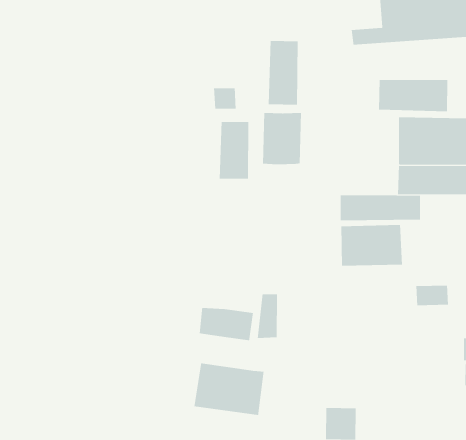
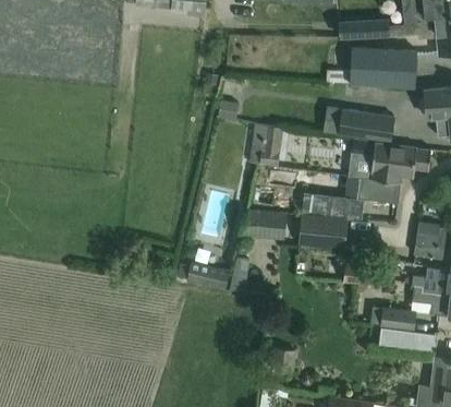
building: [268,40,299,105] -> none
building: [219,121,249,180] -> none
building: none -> [242,210,285,240]
building: [193,362,265,416] -> none

